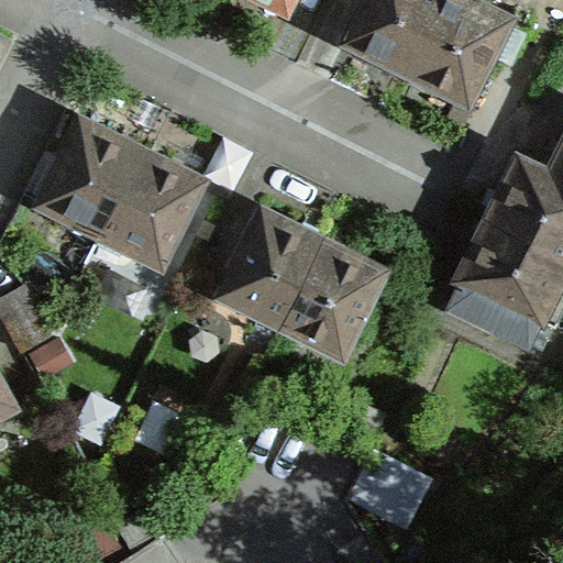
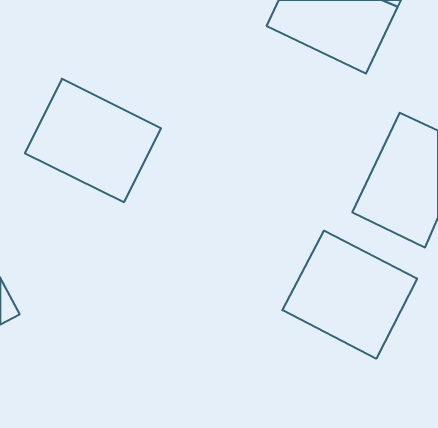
building: [216,203,387,364] -> none
building: none -> [282,231,417,359]

